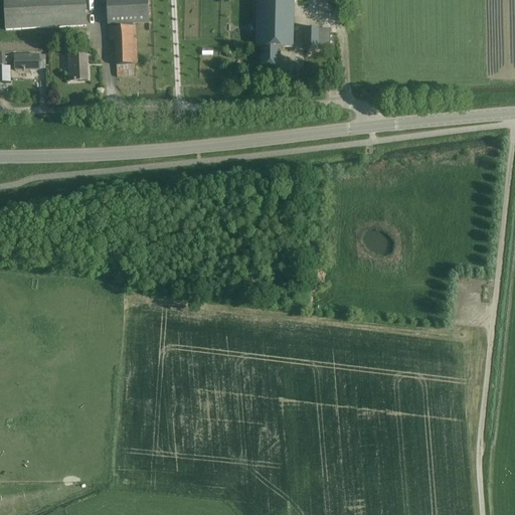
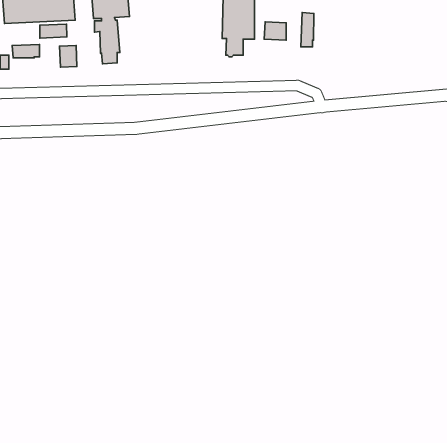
building: none -> [301,12,314,47]
building: none -> [40,24,67,38]

